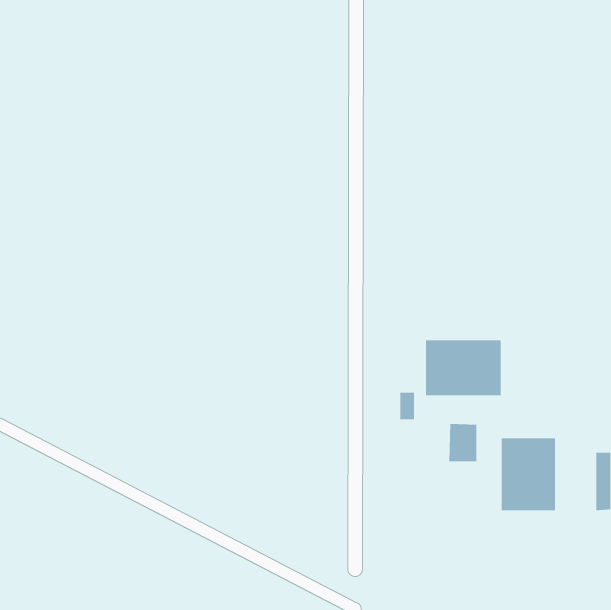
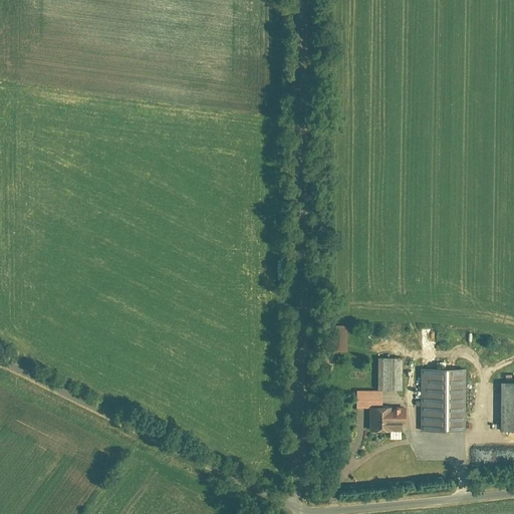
building: [425,339,501,396] -> none
building: none -> [356,393,403,432]

